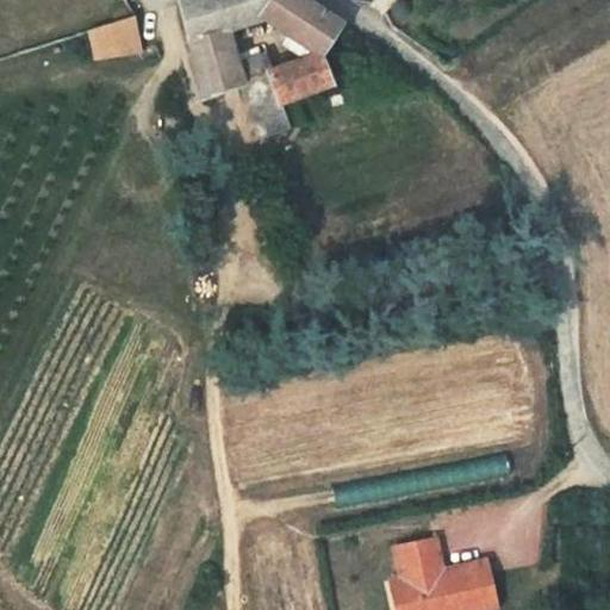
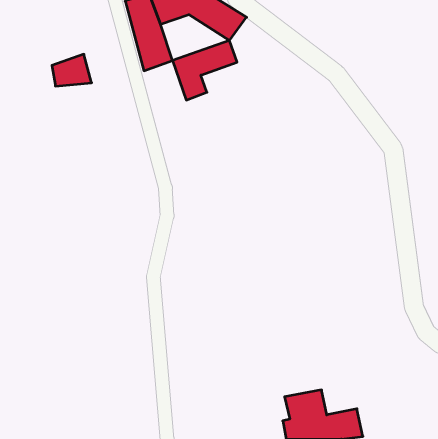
building: [91,15,145,60] -> [52,54,92,86]

